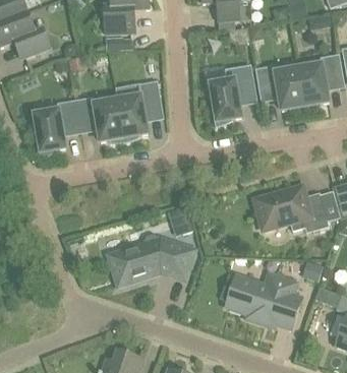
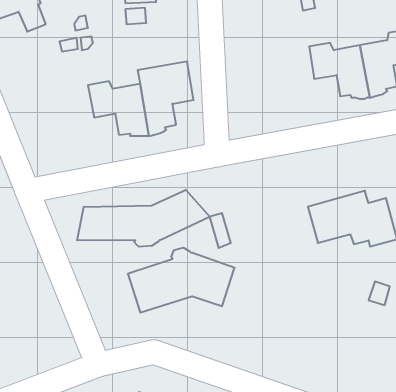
building: [211,64,255,125] -> none
building: [35,100,80,157] -> none
building: none -> [77,190,210,247]
building: [222,273,302,327] -> none

